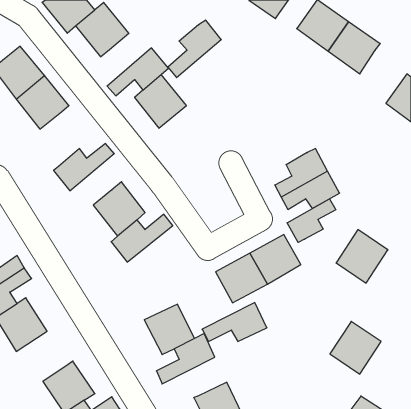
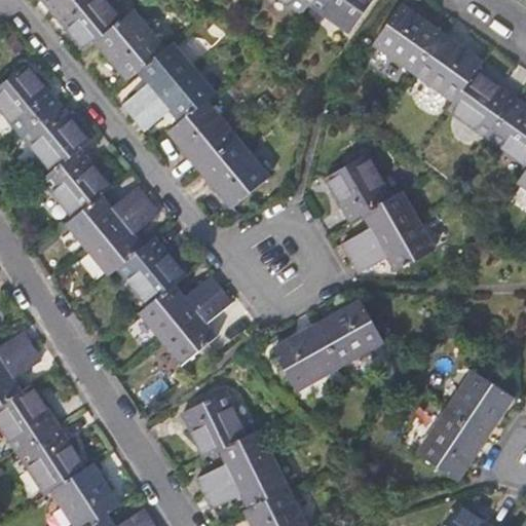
building: [168,20,221,78] -> [124,43,192,116]
building: none -> [449,71,516,138]
building: none -> [201,141,266,206]
building: none -> [42,149,109,218]
building: none -> [328,157,389,222]
building: none -> [88,201,155,274]
building: [287,199,336,242] -> none
building: none -> [161,293,228,364]
building: [336,230,388,283] -> [445,372,511,440]
building: [202,303,267,341] -> [205,459,288,509]
building: none -> [21,426,86,494]

